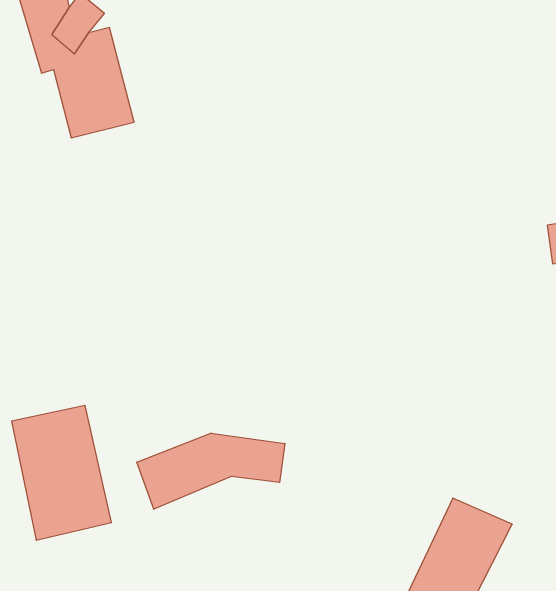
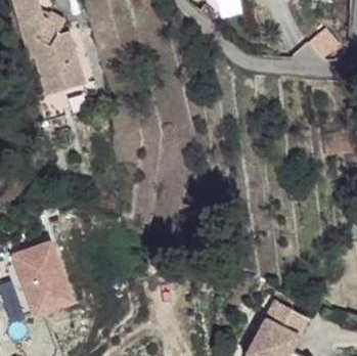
building: [137,433,285,509] -> none

